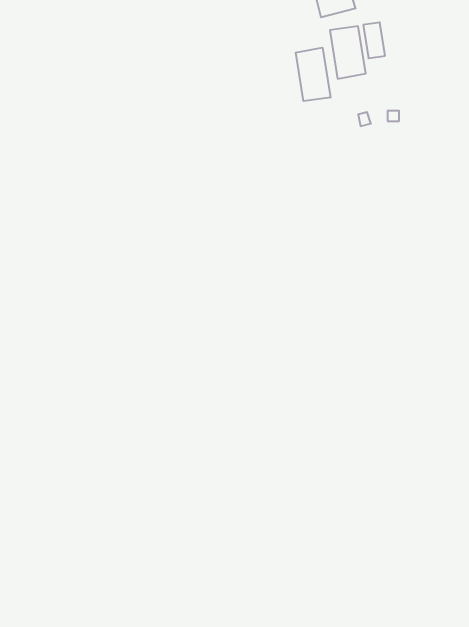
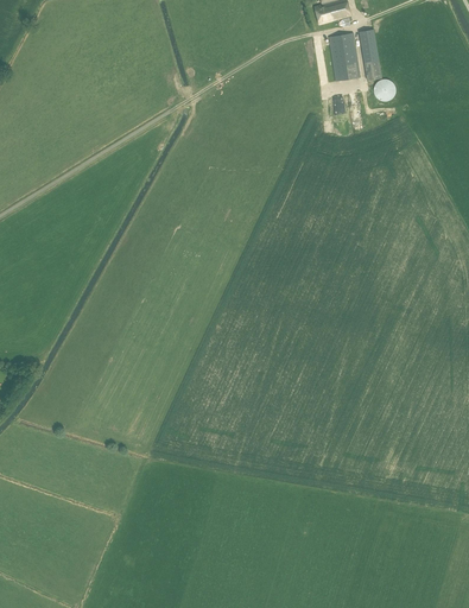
building: [296,48,330,101] -> none

